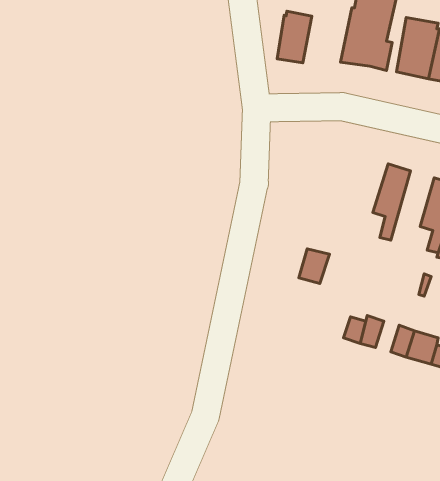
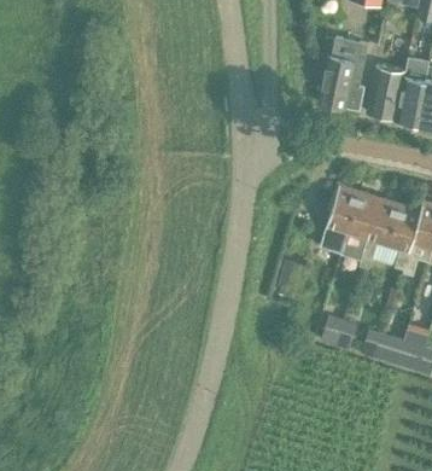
building: [277,11,312,63] -> none
building: none -> [320,185,360,252]
building: none -> [358,197,399,269]

